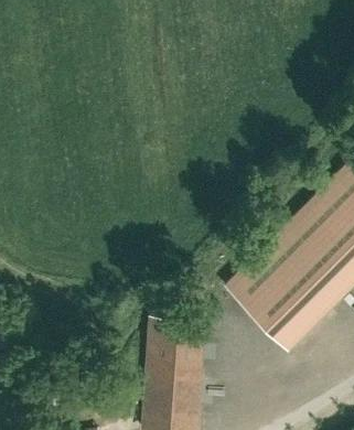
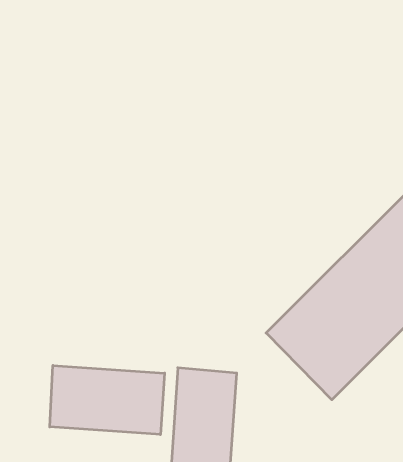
building: none -> [50,365,165,435]

